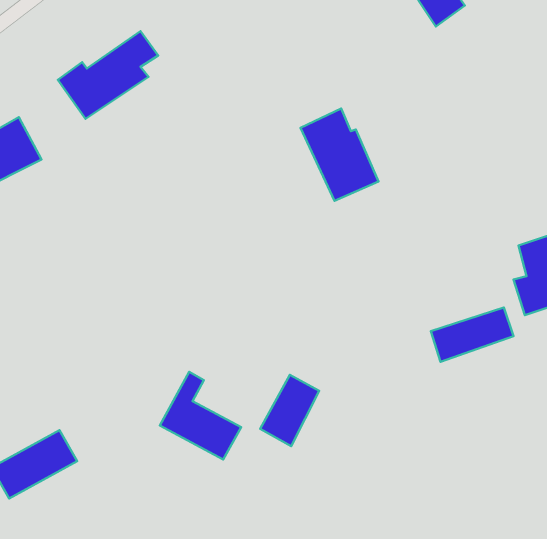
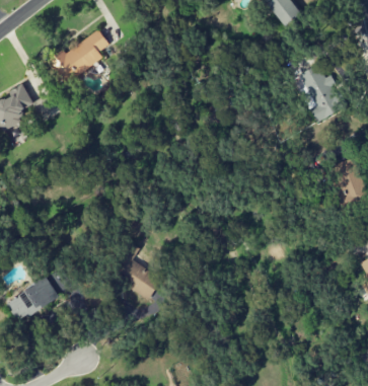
building: [301,109,378,201] -> [293,64,342,122]
building: [431,307,513,362] -> none
building: [260,375,319,446] -> none

